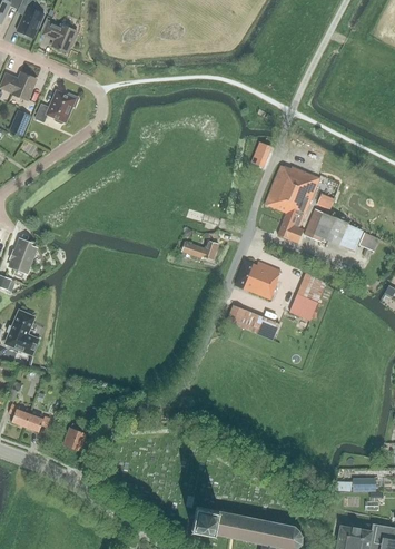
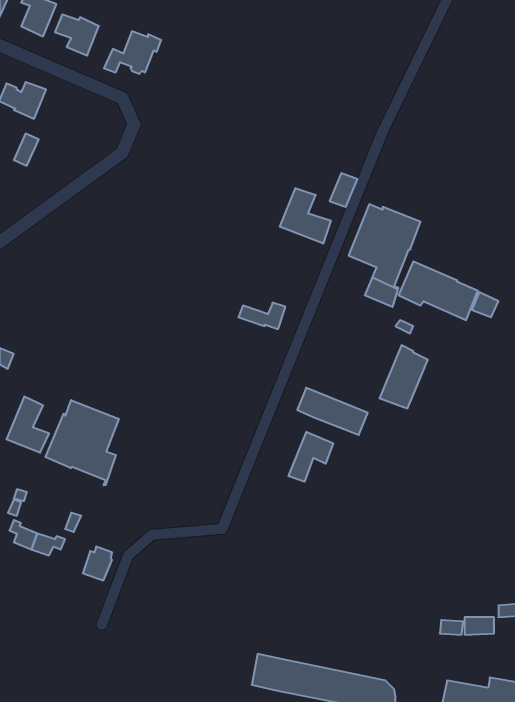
building: [34,90,78,122] -> [104,31,161,74]
building: none -> [280,188,331,244]
building: [9,238,36,272] -> none
building: [234,259,280,298] -> none
building: none -> [46,400,119,485]
building: none -> [289,432,333,482]

